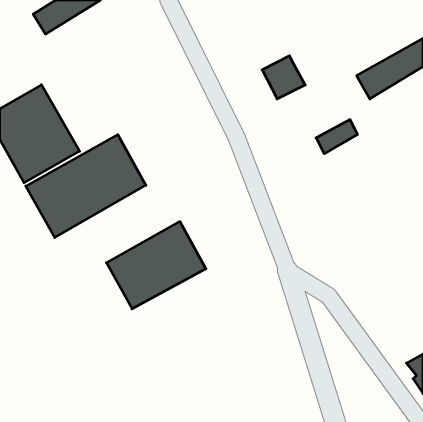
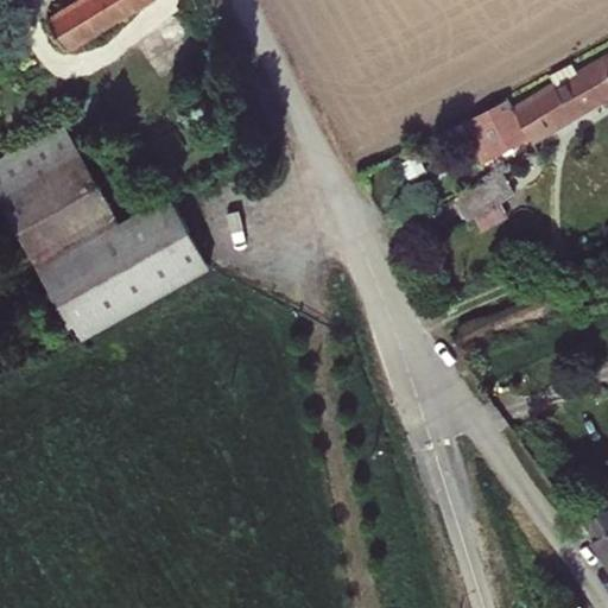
building: [262,56,305,99] -> [466,100,527,162]
building: [106,222,206,309] -> none

